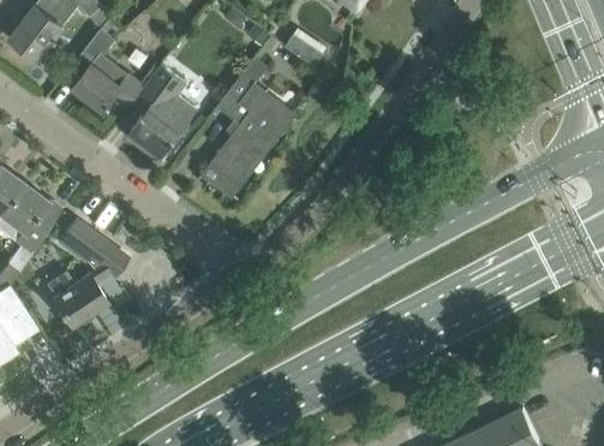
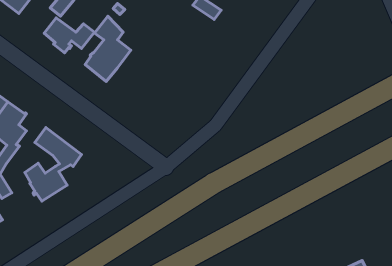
building: [197,57,294,186] -> none

